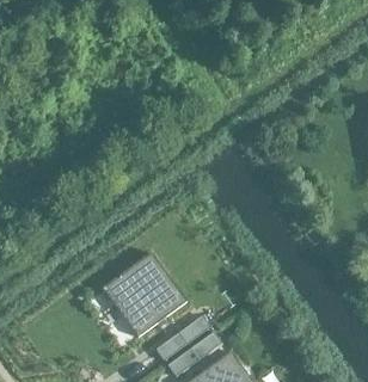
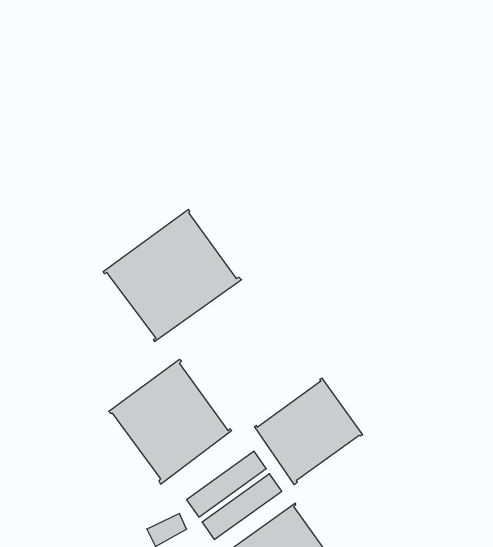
building: none -> [103,209,242,342]
building: none -> [254,378,363,485]

